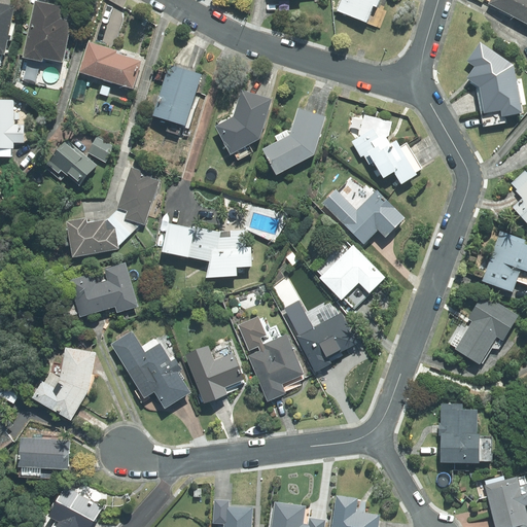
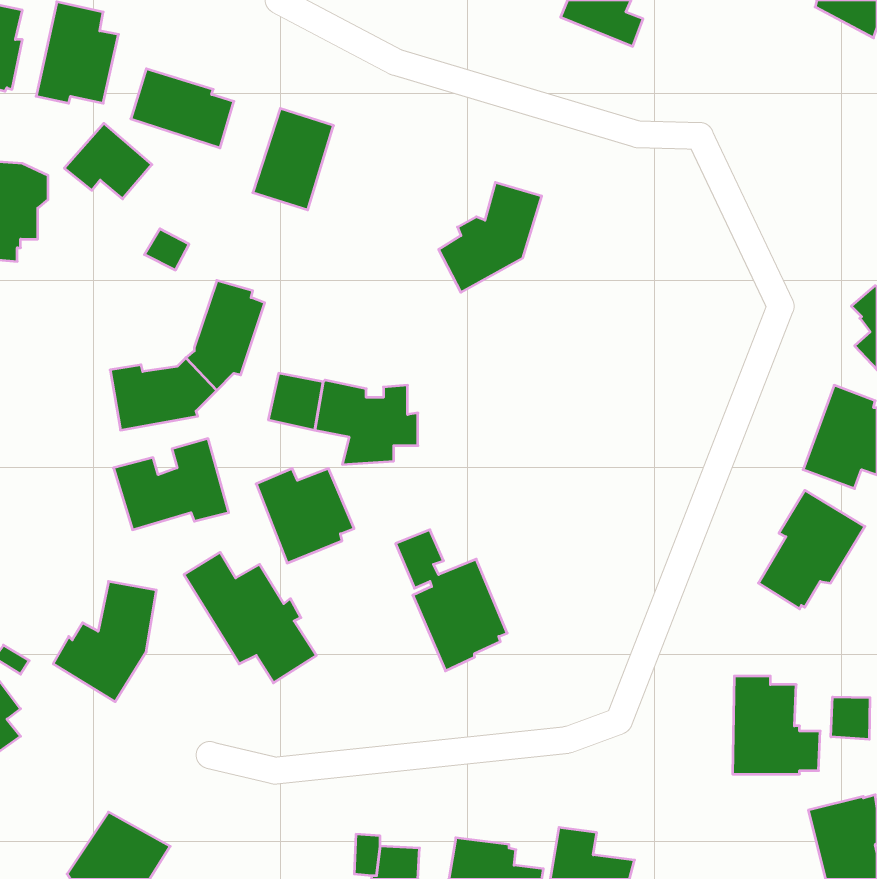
building: [466,43,521,117] -> none
building: [215,91,271,160] -> none
building: [351,114,421,184] -> none
building: [43,140,96,185] -> [64,123,152,199]
building: [321,177,403,243] -> none
building: [314,239,384,308] -> none
building: [282,298,355,373] -> none
building: [185,346,244,402] -> [256,468,354,563]
building: none -> [831,697,870,739]
building: [17,437,69,479] -> none

